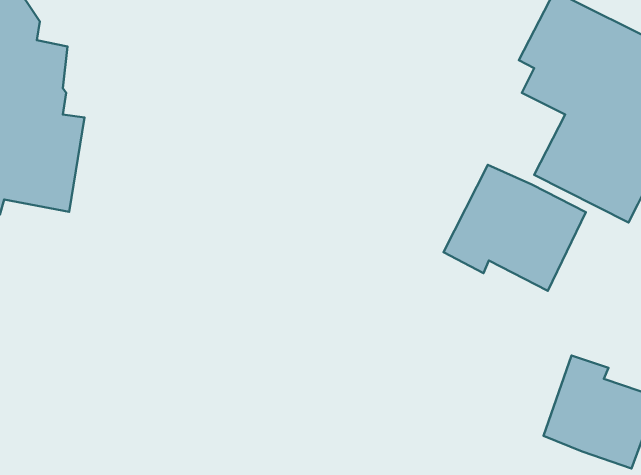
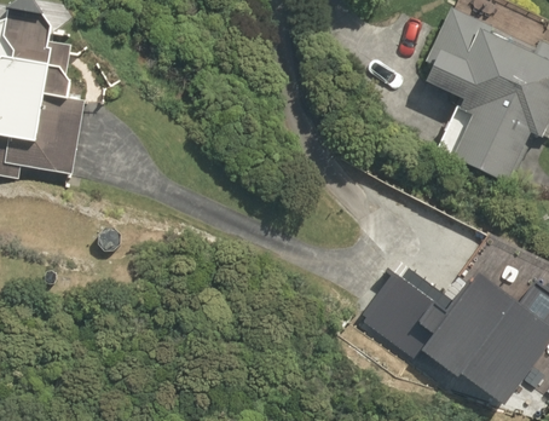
building: [444,165,586,291] -> none
building: none -> [363,271,437,344]

